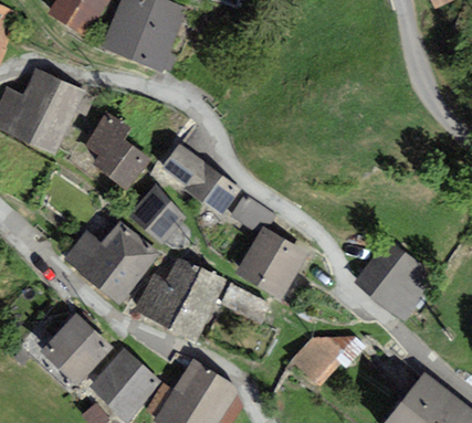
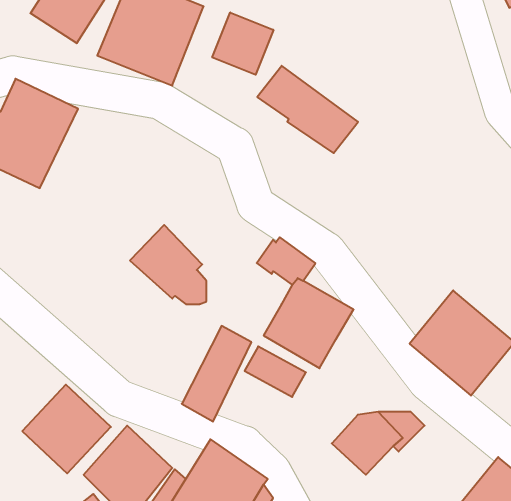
building: none -> [212,12,273,75]
building: [84,112,151,191] -> none
building: [159,144,241,214] -> [257,66,358,153]
building: [64,221,158,304] -> none
building: [134,255,201,329] -> none

